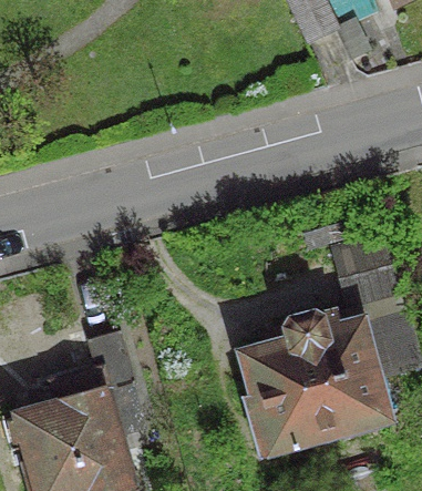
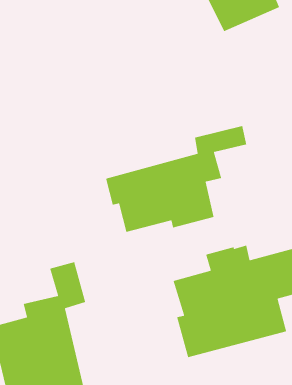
building: none -> [105,125,247,233]

